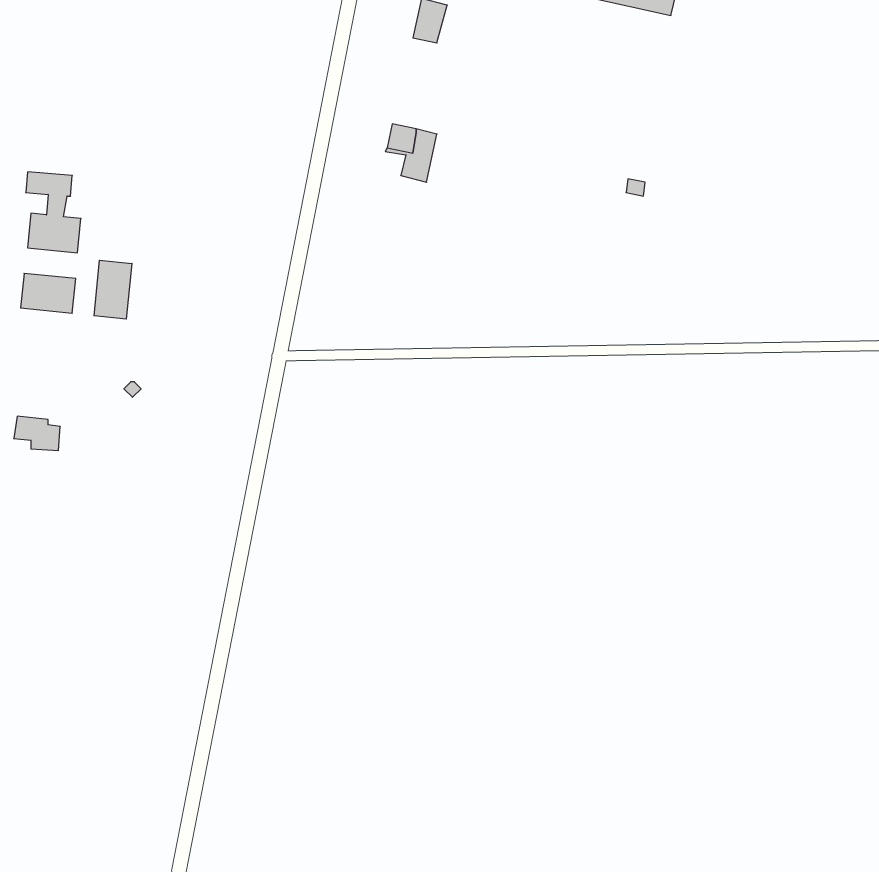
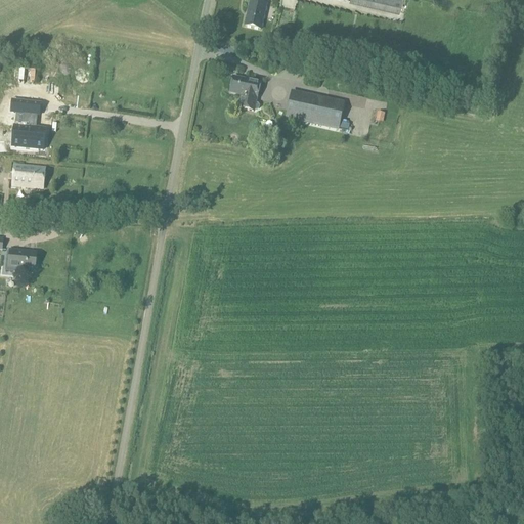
building: none -> [286,88,342,125]
building: [94,260,132,319] -> none

